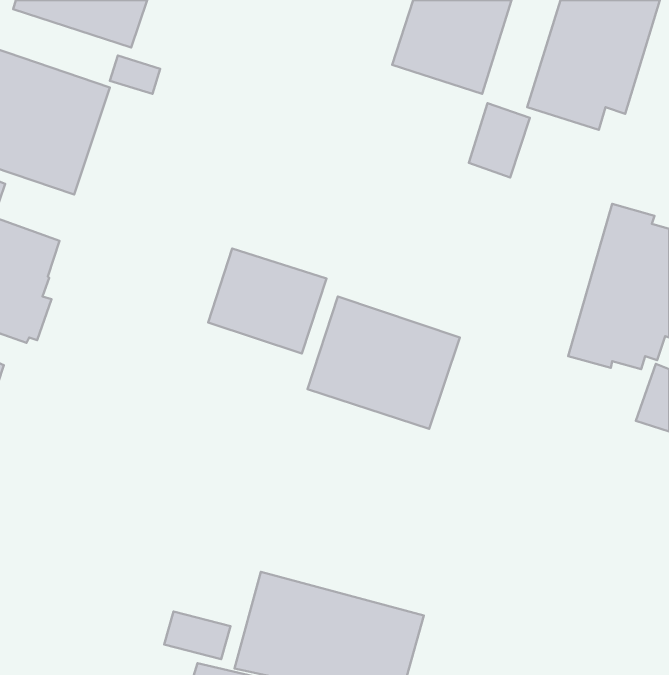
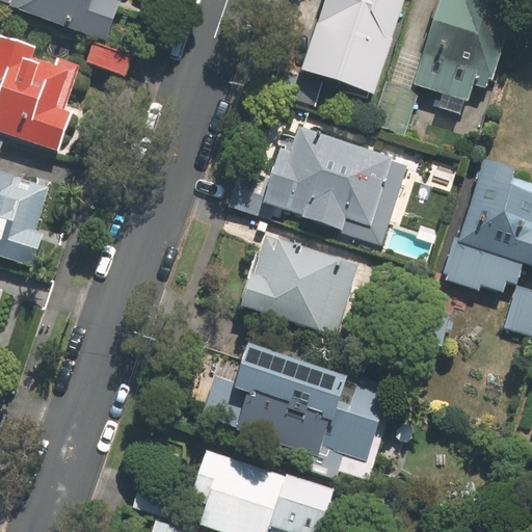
building: none -> [238,122,398,239]
building: [208,248,327,354] -> none
building: none -> [200,340,390,461]

